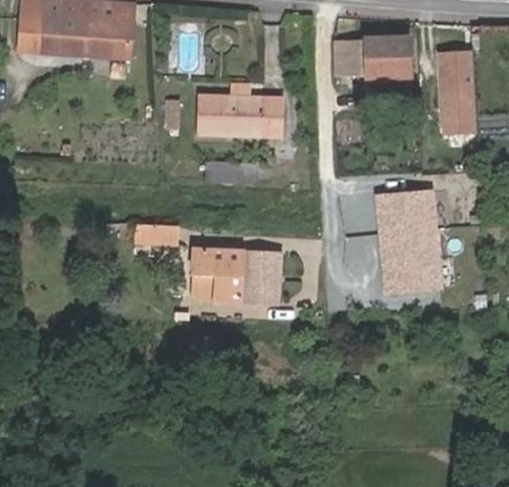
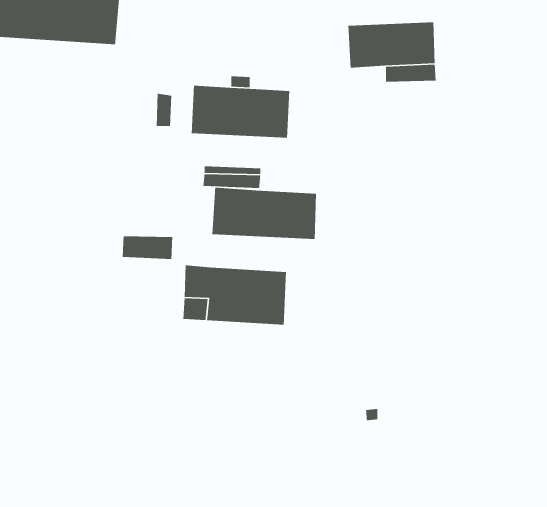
building: [440,52,476,136] -> none
building: none -> [211,187,317,240]
building: [372,188,441,294] -> none

